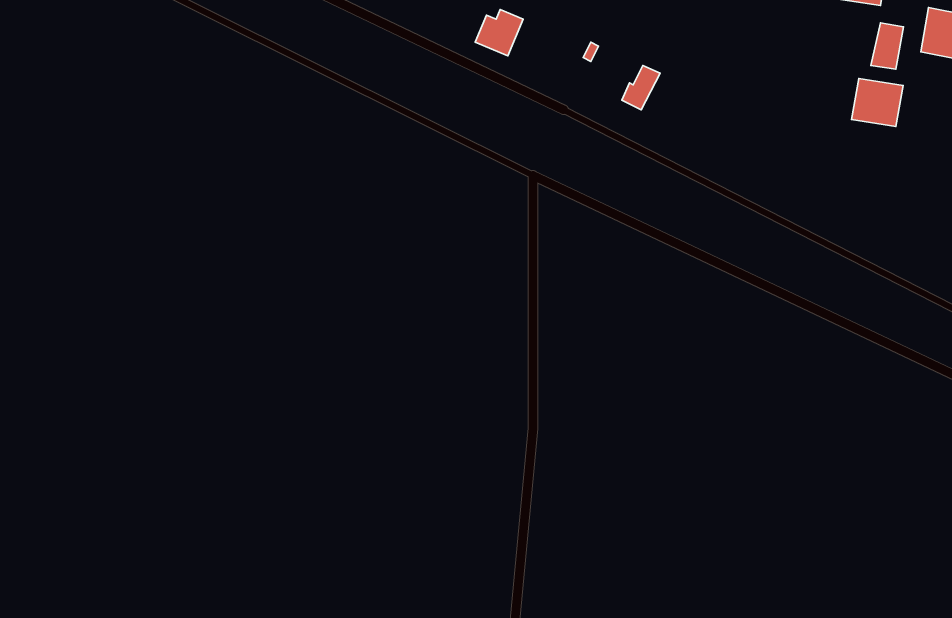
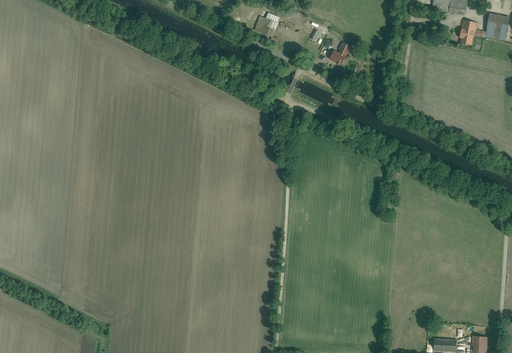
building: [851,78,903,127] -> none

